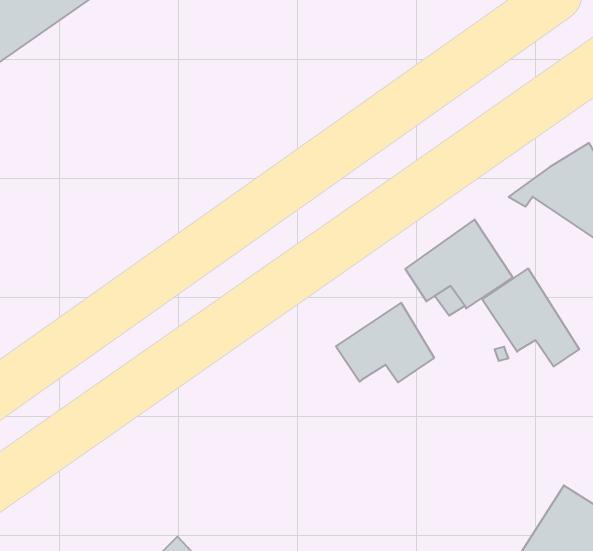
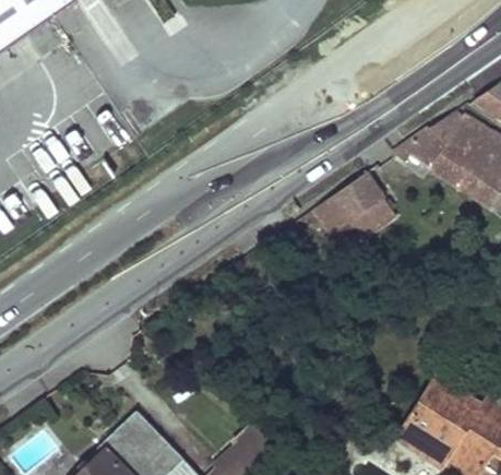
building: [482,268,579,367] -> none
building: [336,303,434,382] -> none

